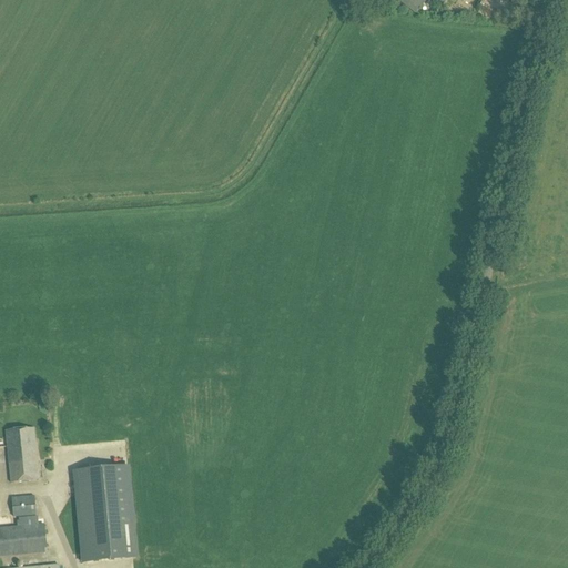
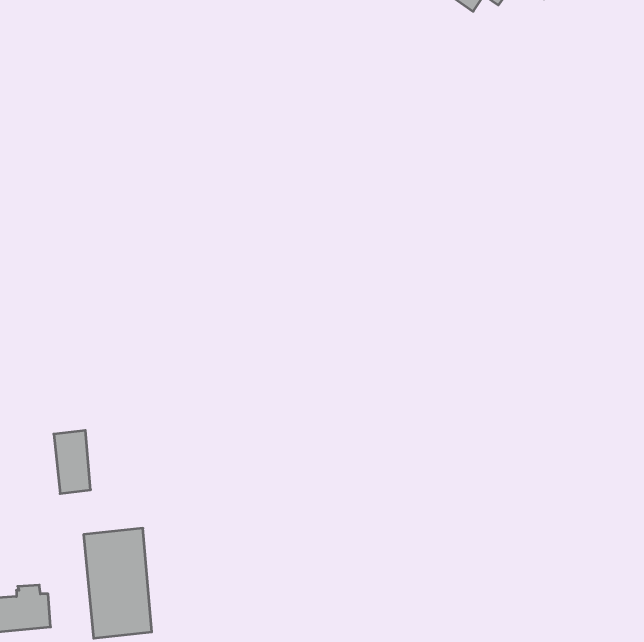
building: [4,425,37,480] -> [54,430,91,494]
building: [9,494,34,515] -> none

